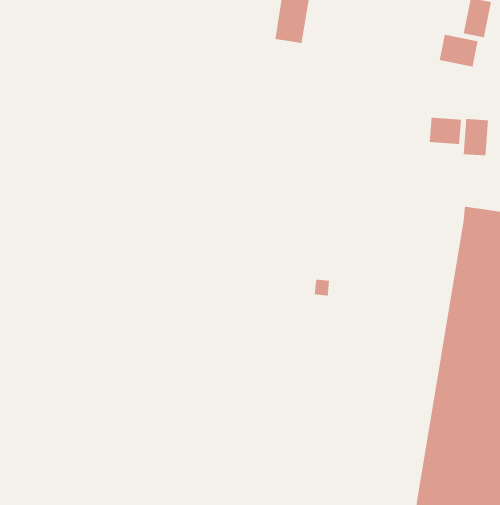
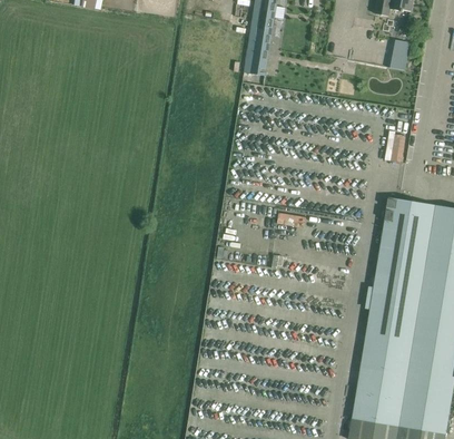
building: [439,34,478,67] -> none
building: [429,117,462,145] -> none

